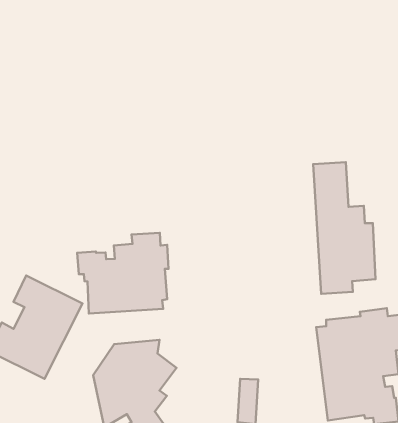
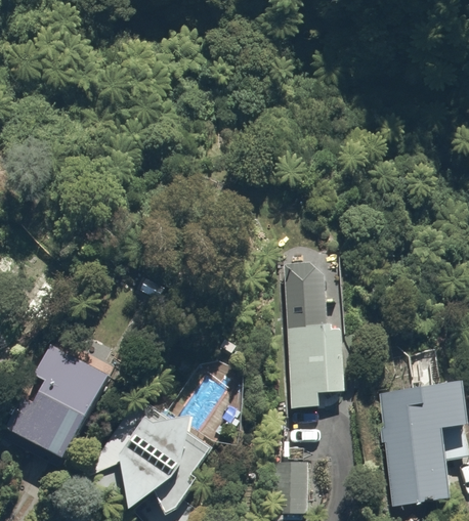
building: [313,162,376,294] -> [274,256,345,404]
building: [77,233,168,313] -> none

